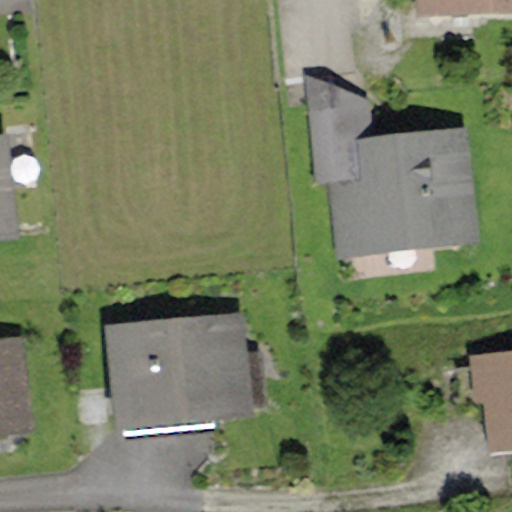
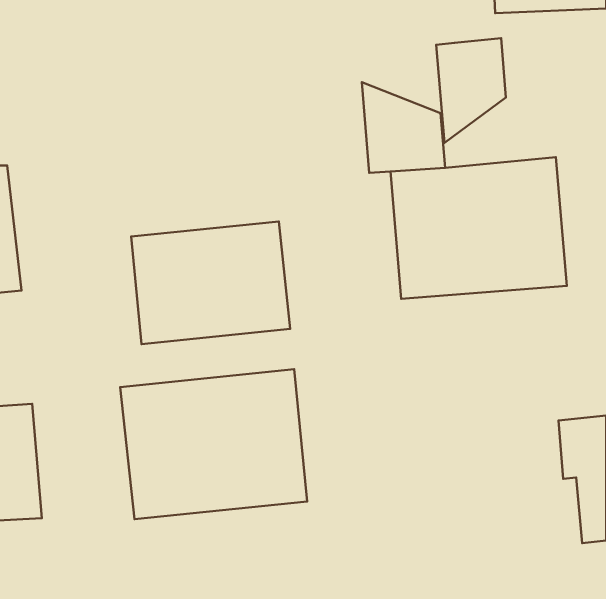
building: none -> [436,38,506,143]
building: none -> [131,222,290,344]

